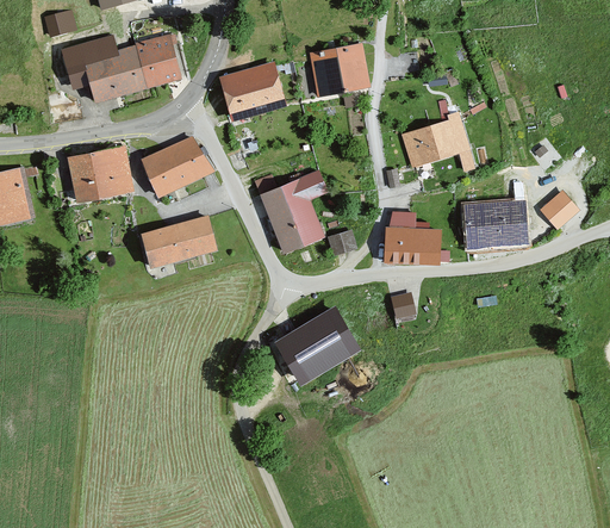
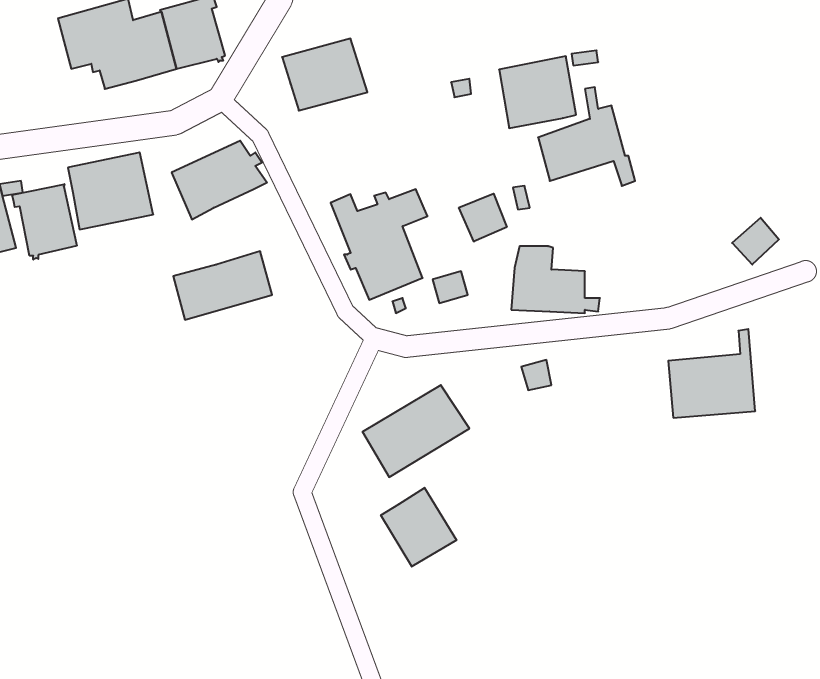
building: [312,44,367,95] -> [499,56,576,128]
building: none -> [12,184,77,260]
building: none -> [459,194,507,242]
building: [463,184,525,247] -> [668,329,755,418]
building: none -> [381,488,456,567]

